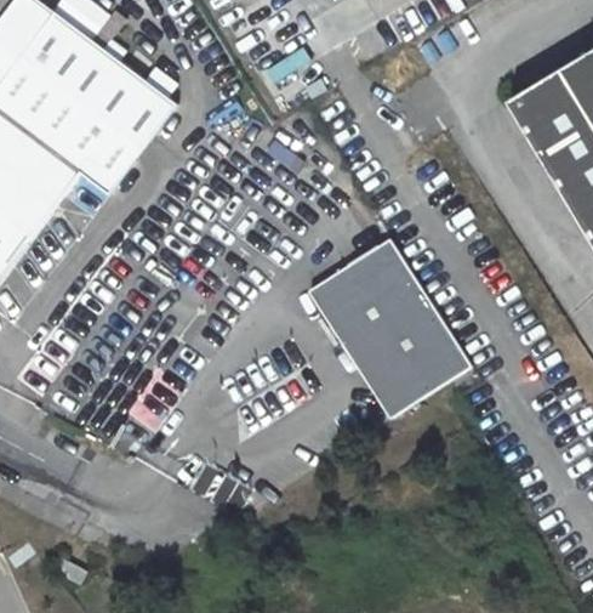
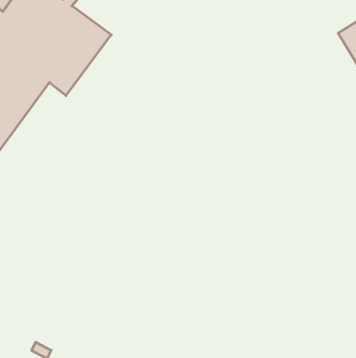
building: [315,239,474,411] -> none

